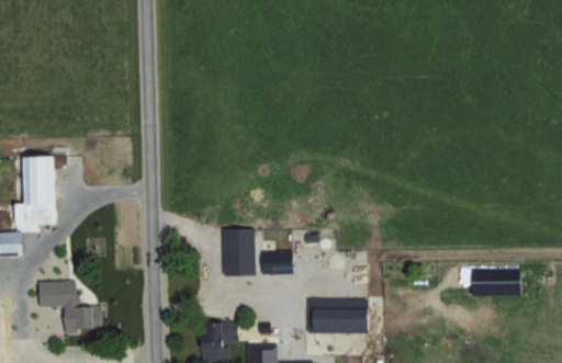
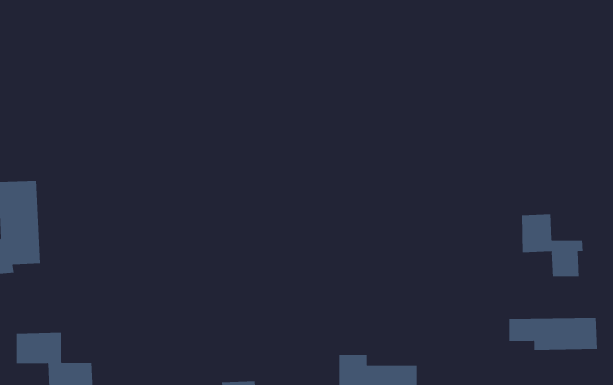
building: none -> [521,214,583,277]
building: [223,228,256,276] -> none

